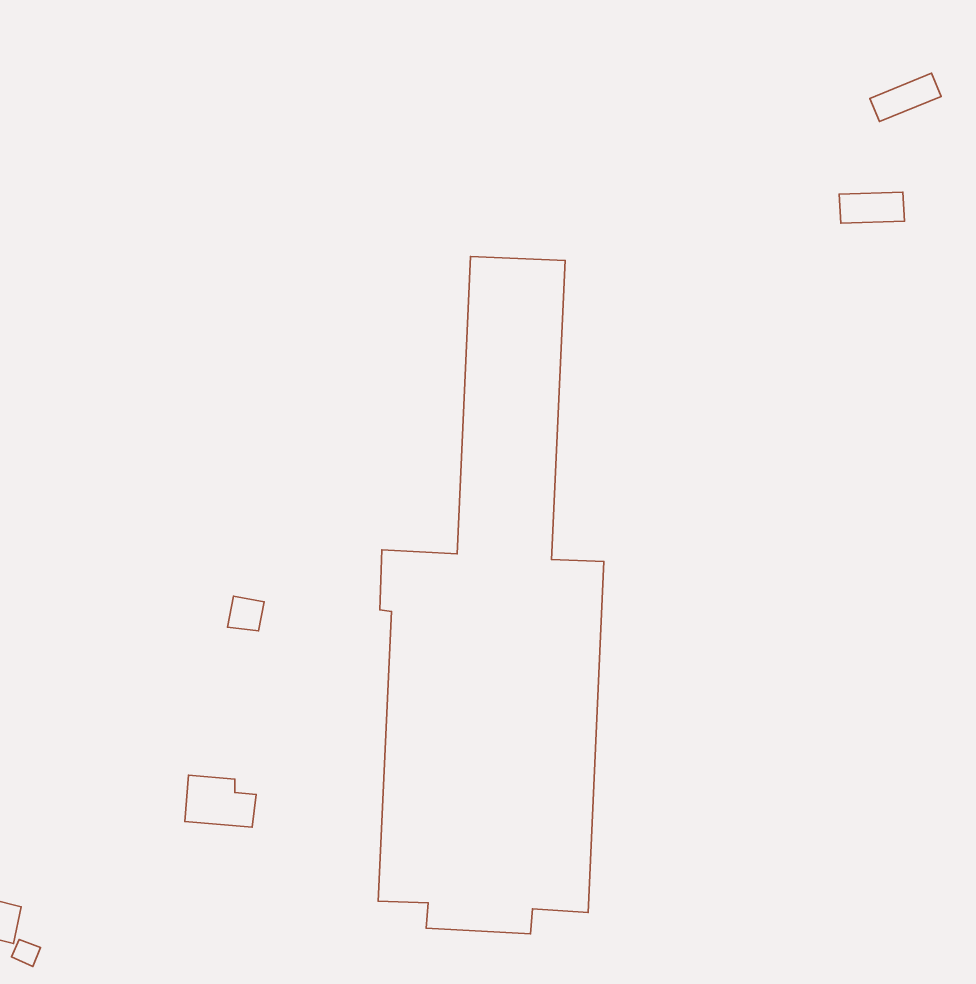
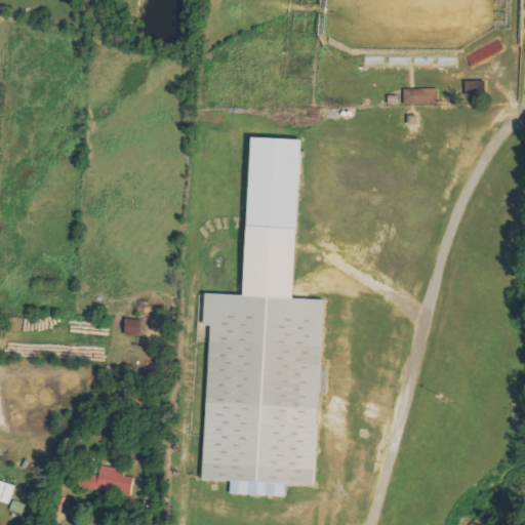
building: [839,192,905,223] -> [400,87,435,104]
building: [185,775,256,827] -> [92,466,130,493]

